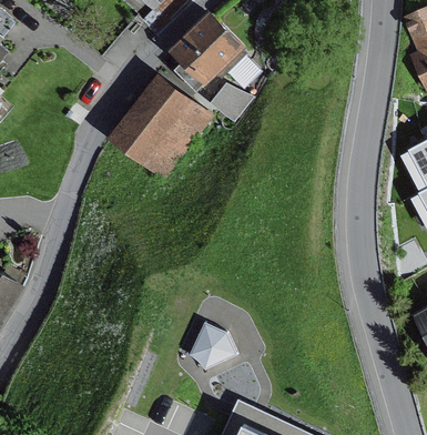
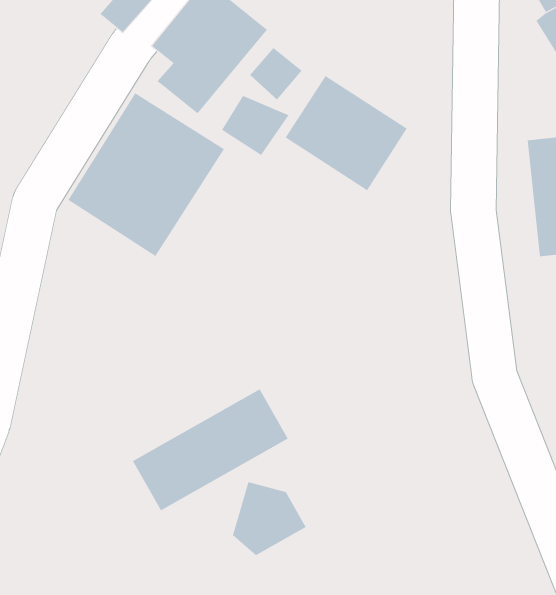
building: none -> [285,75,408,191]
building: none -> [132,389,288,511]

